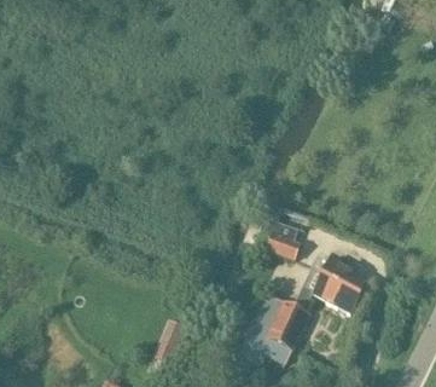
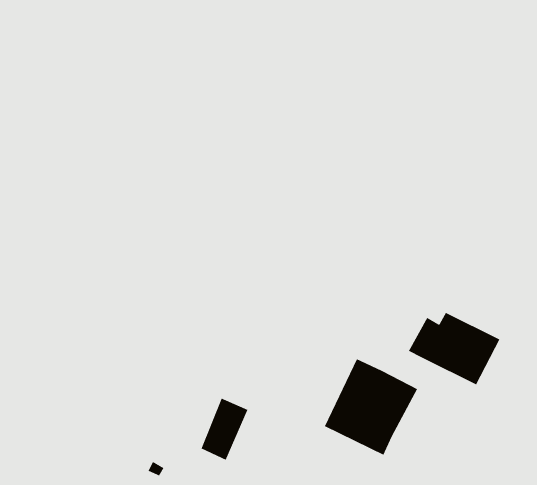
building: [266,223,298,259] -> none

